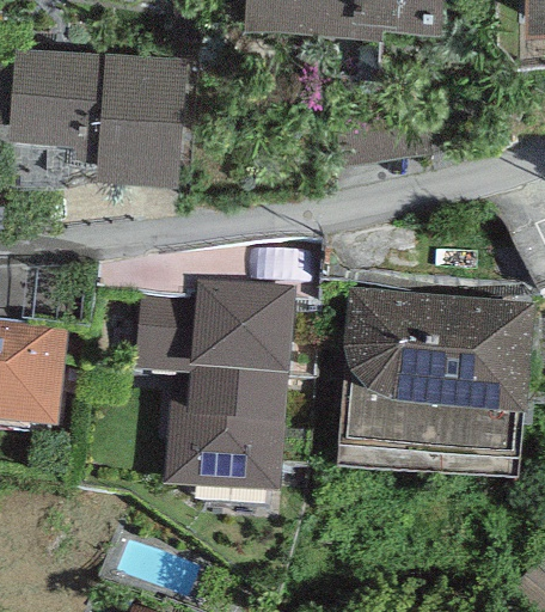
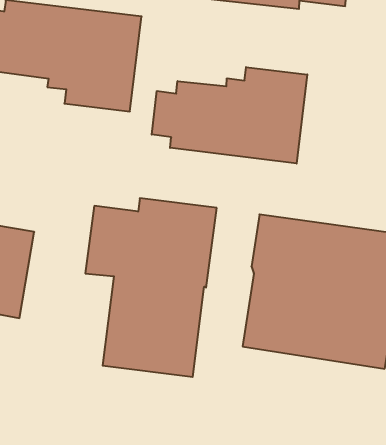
building: none -> [152,67,307,164]

